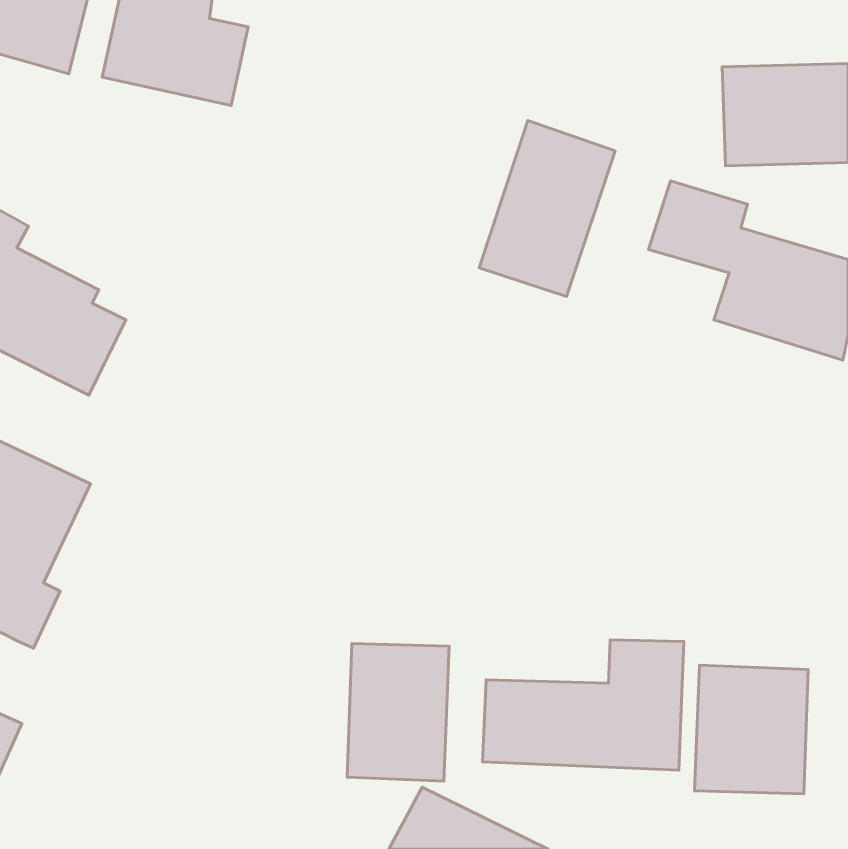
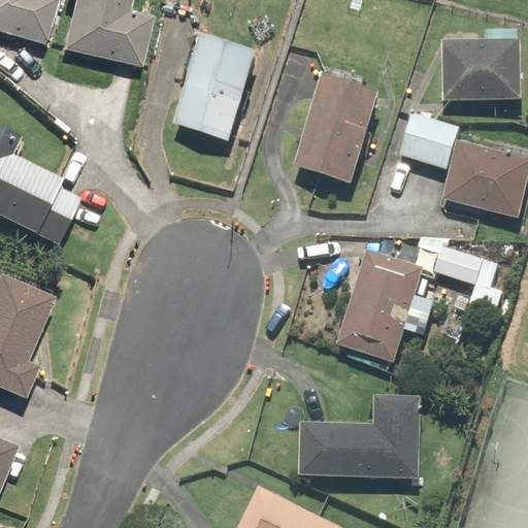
building: none -> [176,30,261,139]
building: none -> [335,234,501,358]
building: [347,643,449,781] -> none
building: [695,665,808,794] -> none

